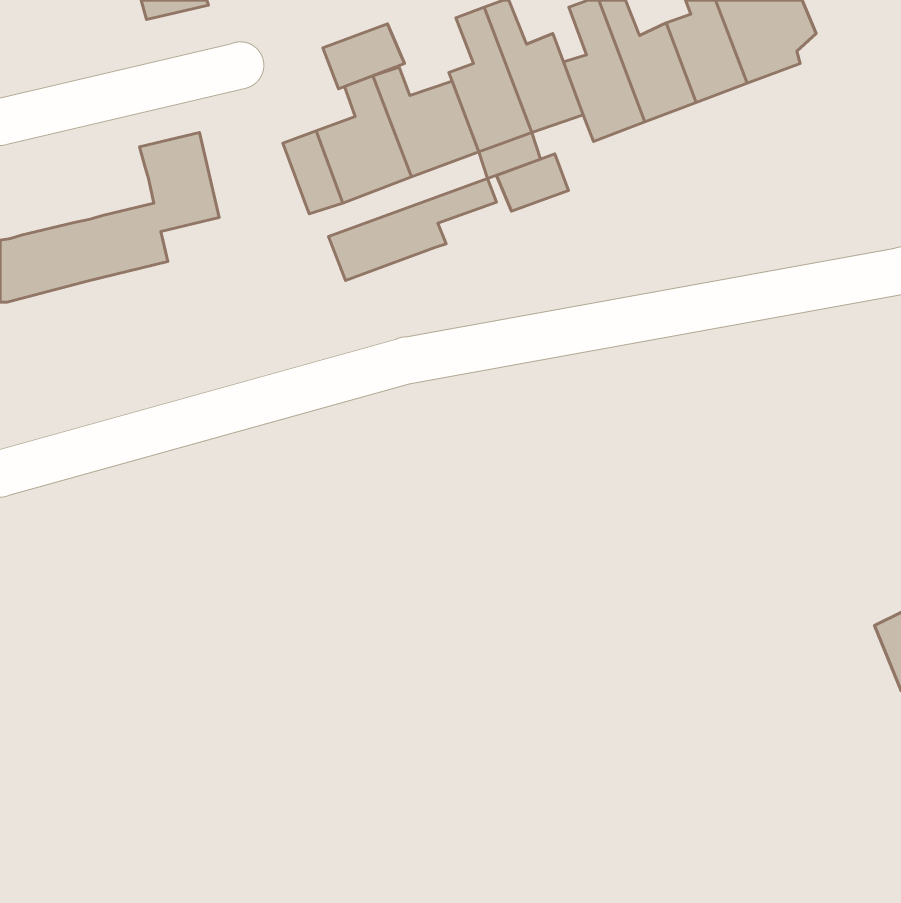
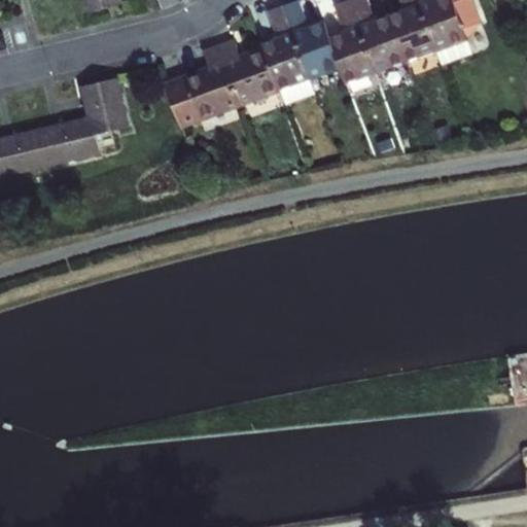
building: [323,24,404,89] -> none
building: [497,154,569,211] -> none
building: [329,178,496,281] -> none

